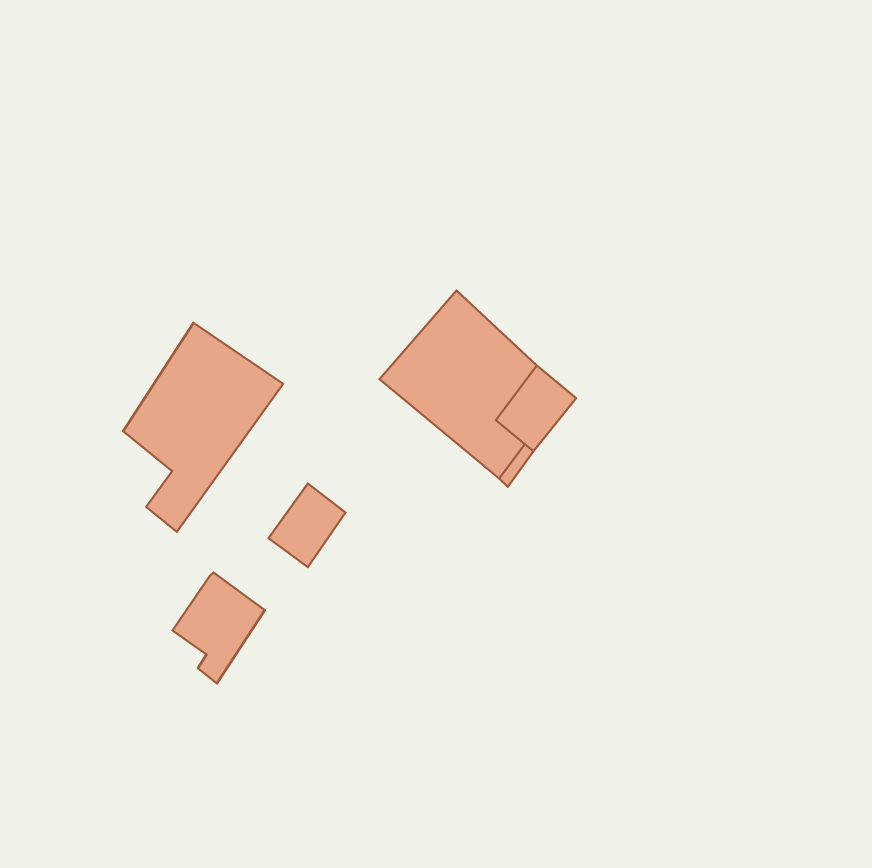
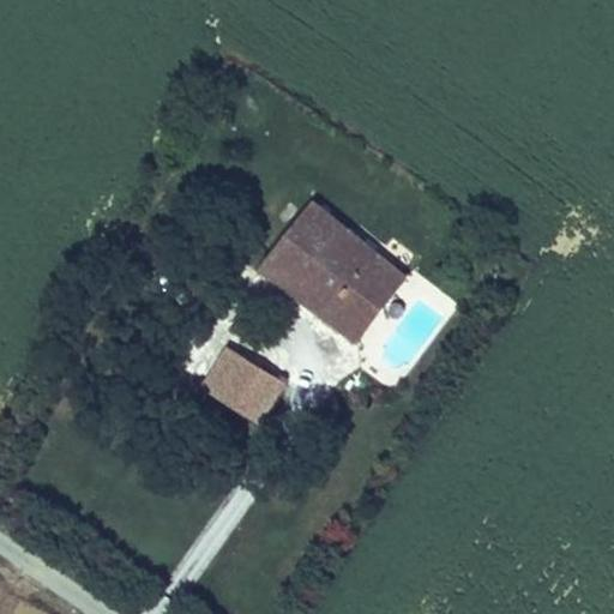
building: [123,323,283,532] -> none
building: [172,573,265,684] -> [216,357,281,435]

